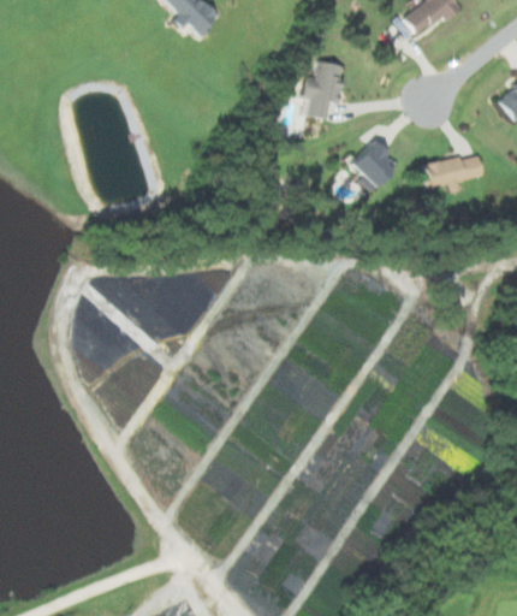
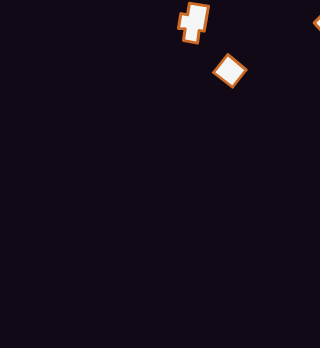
building: [424,155,483,192] -> none

